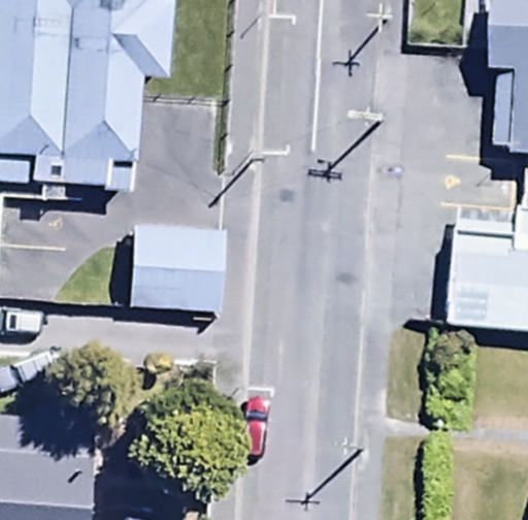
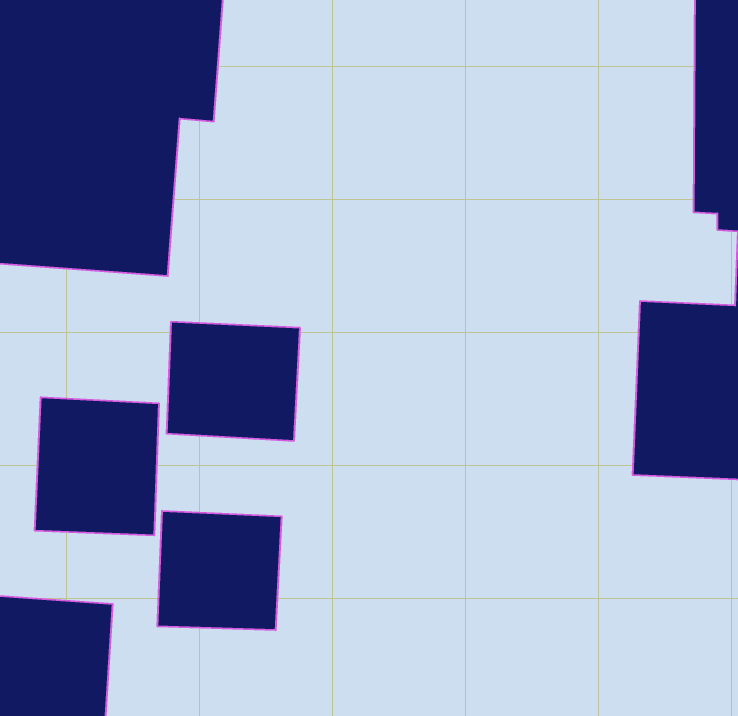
building: none -> [35,397,159,535]
building: none -> [157,511,281,630]

